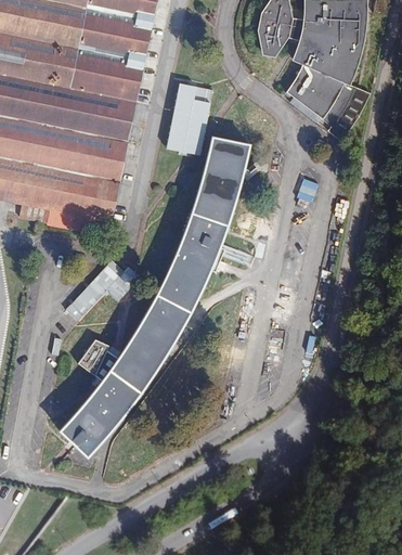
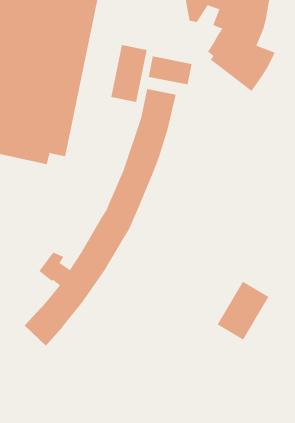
building: none -> [148,56,192,85]
building: none -> [217,281,269,340]

